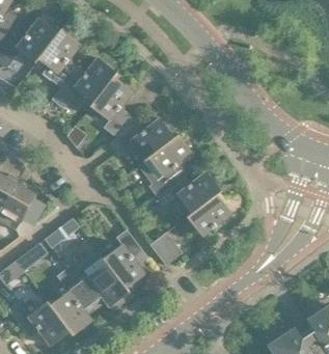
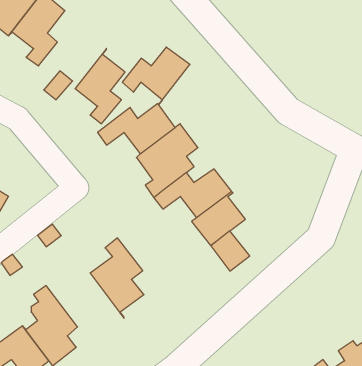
building: [60,58,116,106] -> [122,47,190,105]
building: [149,233,182,266] -> [211,231,250,271]
building: [66,252,131,310] -> none

